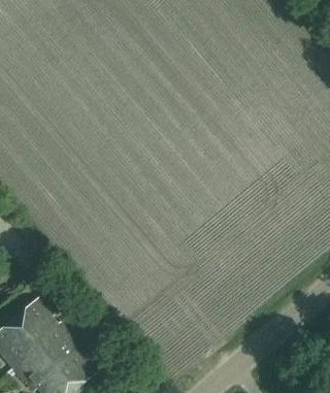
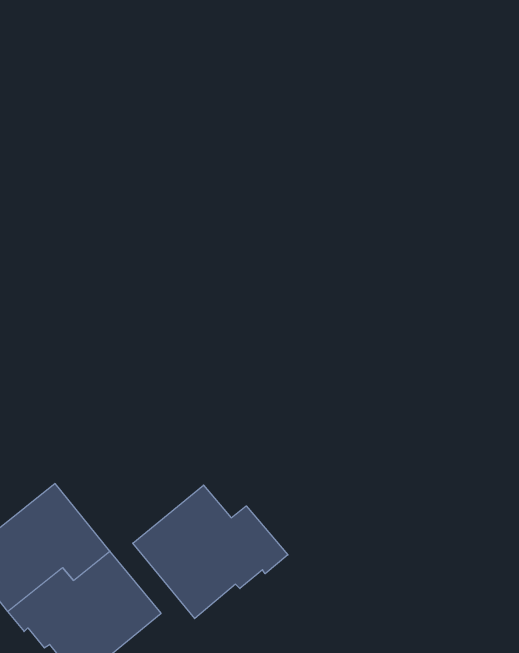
building: none -> [133,485,288,619]

